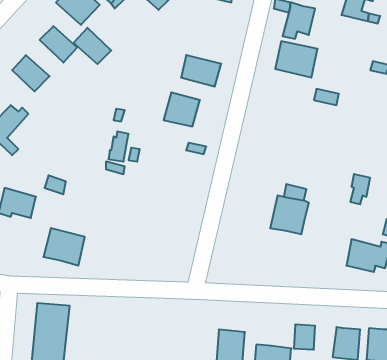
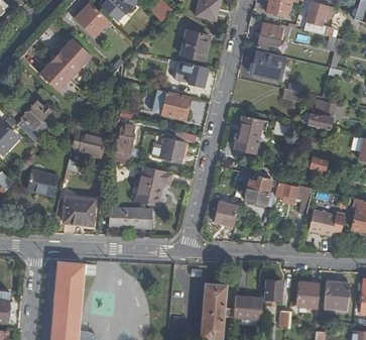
building: none -> [179,30,209,61]
building: [74,28,111,64] -> [49,49,80,79]
building: none -> [307,100,336,130]
building: none -> [233,115,262,153]
building: none -> [77,129,107,157]
building: none -> [158,136,185,161]
building: none -> [135,166,170,205]
building: none -> [273,181,311,214]
building: none -> [214,200,237,228]
building: none -> [110,207,150,226]

